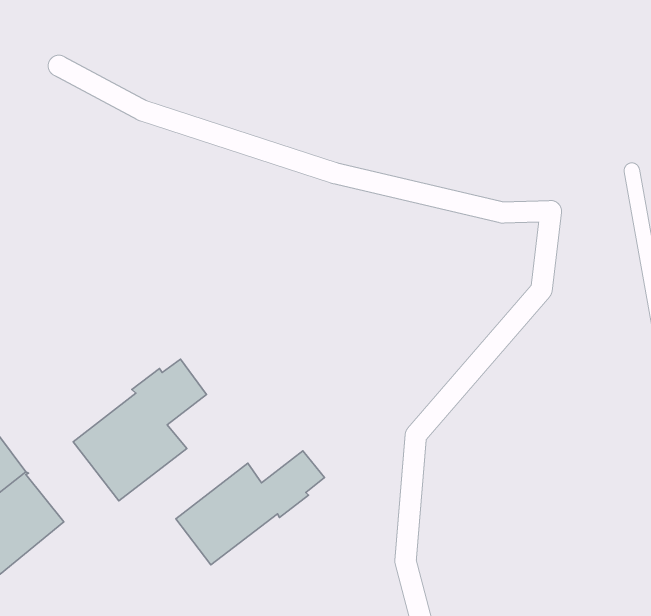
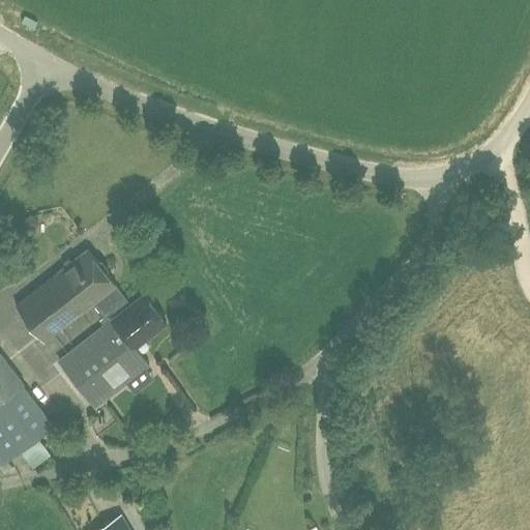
building: none -> [14,251,127,344]
building: [176,451,324,565] -> none

